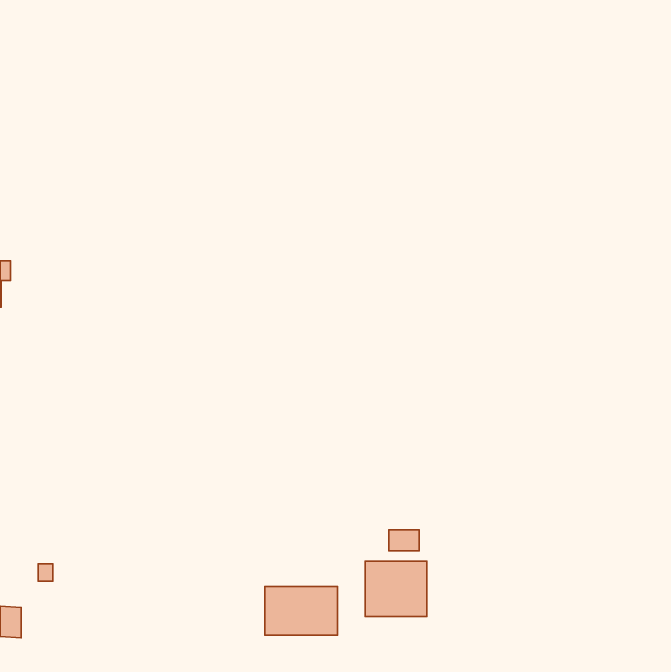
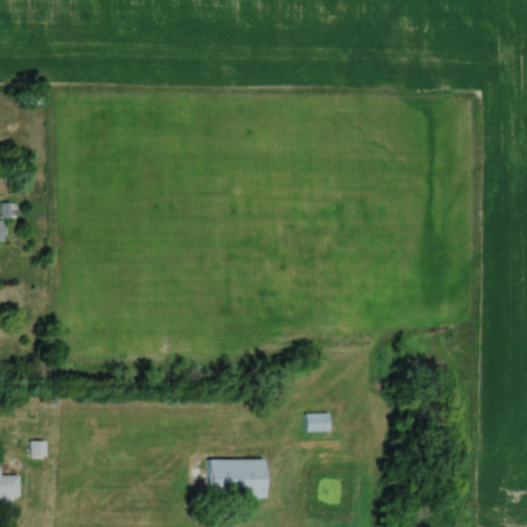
building: [365,561,427,616] -> none

